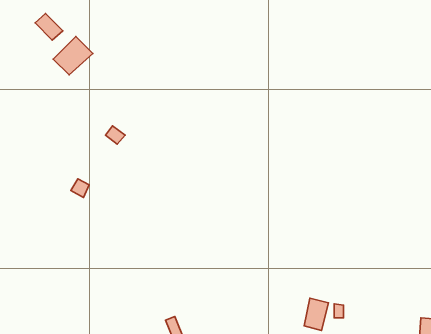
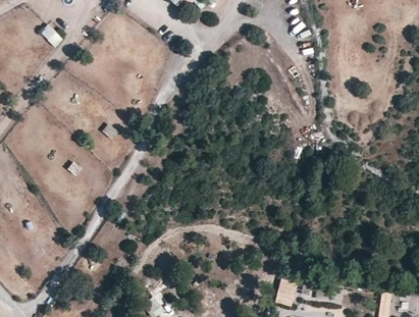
building: [53,37,93,75] -> none

